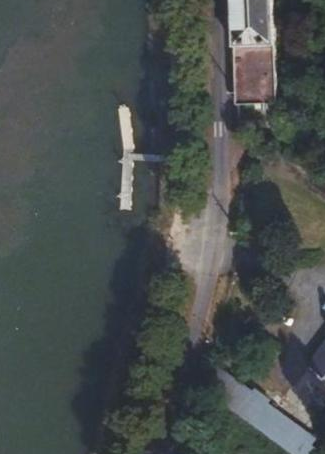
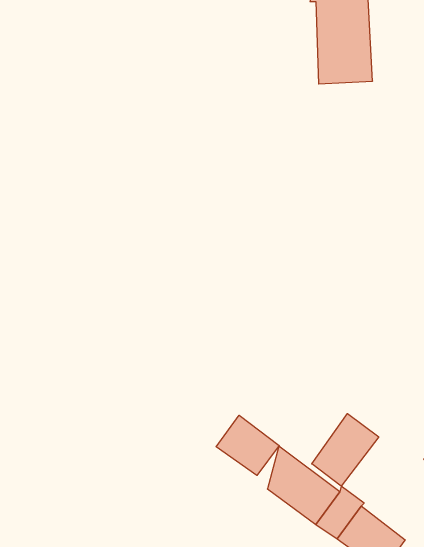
building: none -> [312,414,379,486]
building: none -> [216,415,279,475]

